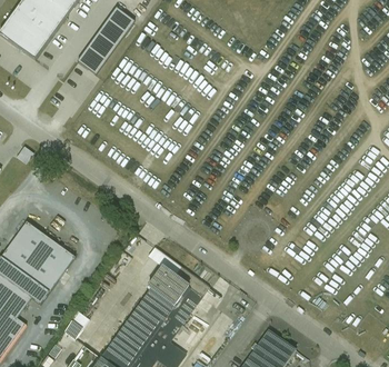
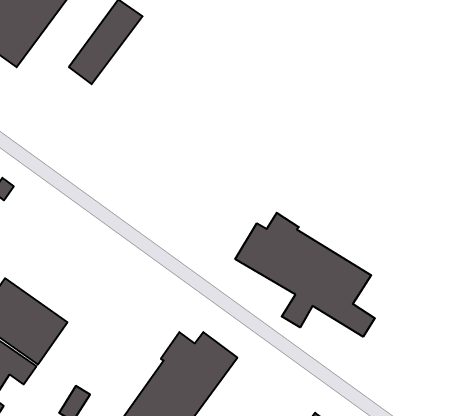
building: none -> [235,213,375,337]

